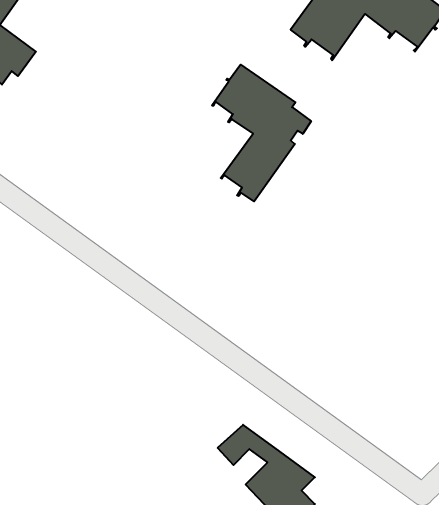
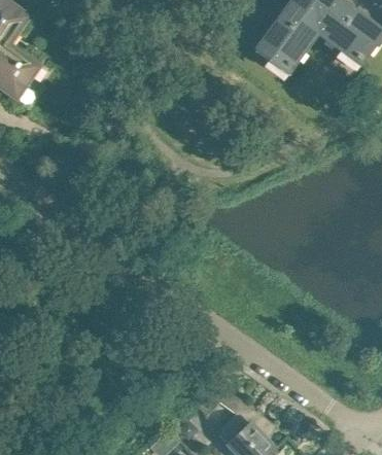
building: [212,65,311,201] -> none

